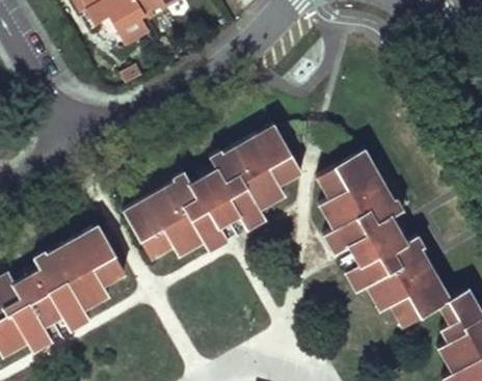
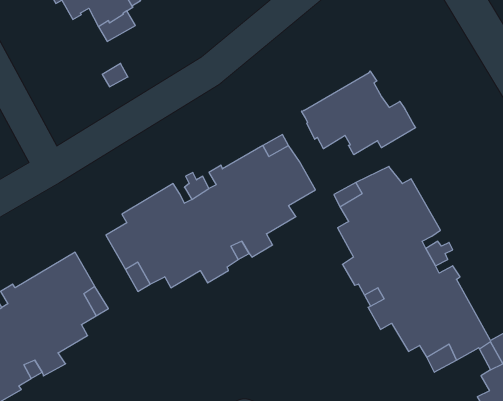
building: none -> [302,71,416,155]

